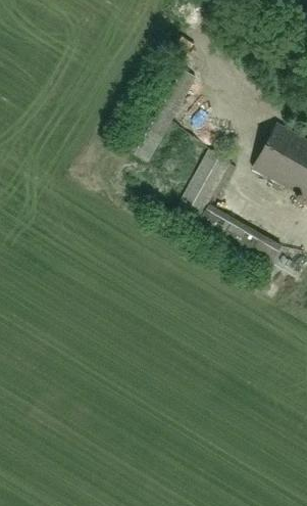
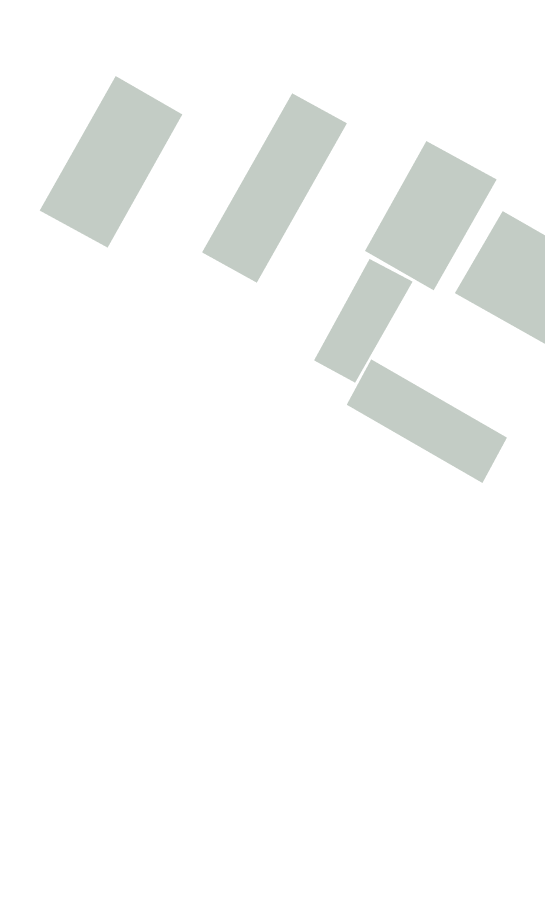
building: none -> [39,75,183,249]
building: none -> [364,140,497,291]

